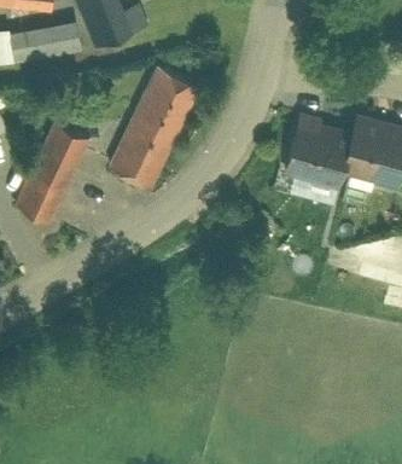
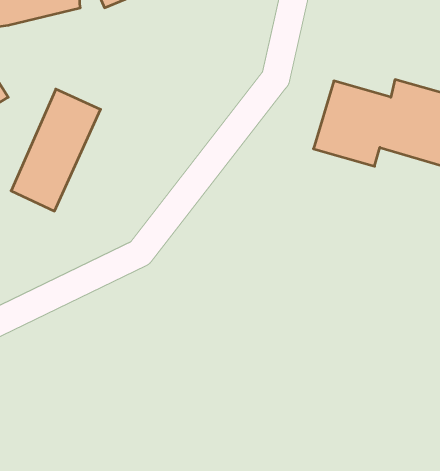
building: [109,66,199,185] -> none

